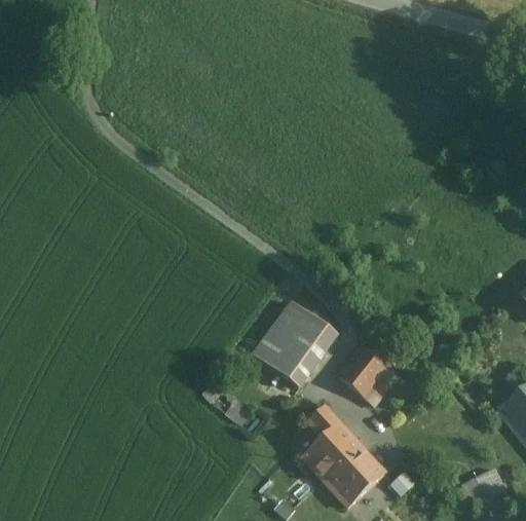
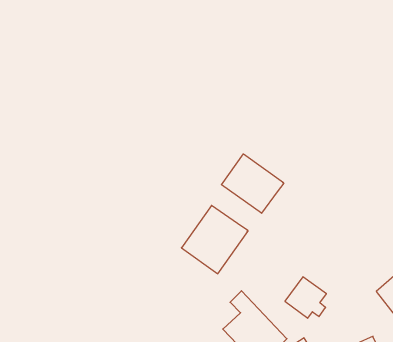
building: none -> [221,154,284,213]
building: [339,344,391,397] -> [285,277,326,318]

